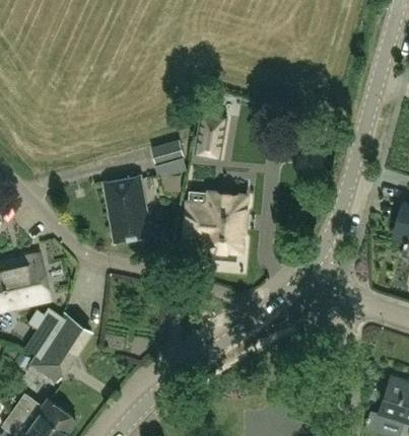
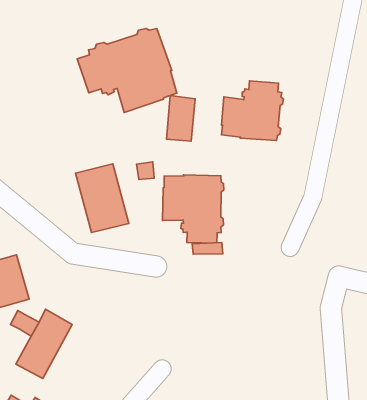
building: none -> [77,28,177,112]
building: none -> [221,81,284,141]
building: [150,141,183,165] -> none

